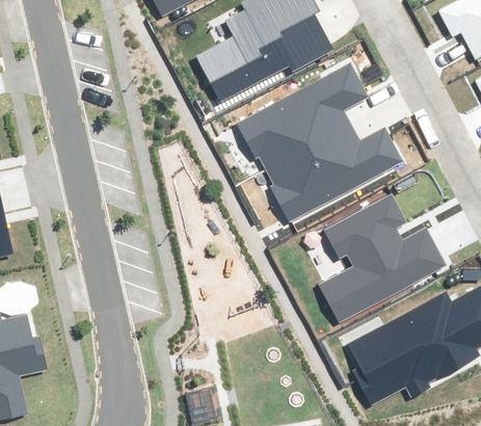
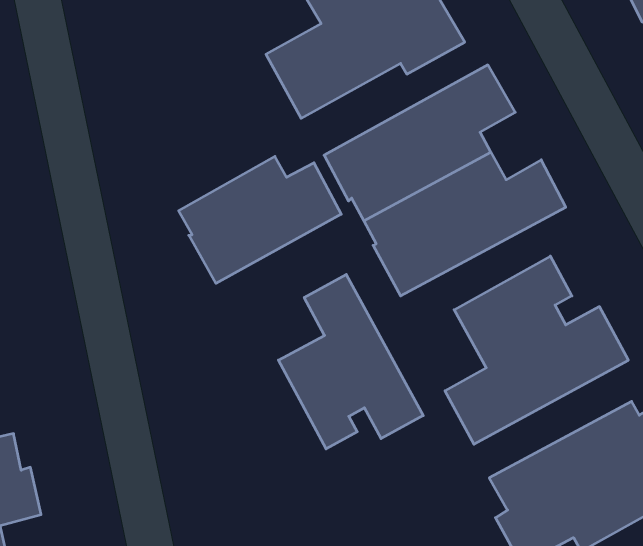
building: none -> [179,156,341,283]
building: none -> [278,274,423,449]

